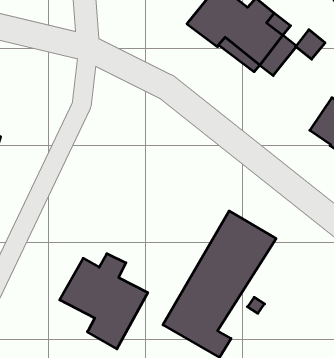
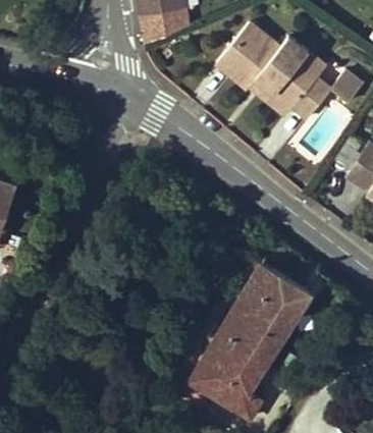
building: [60,254,148,349] -> none

